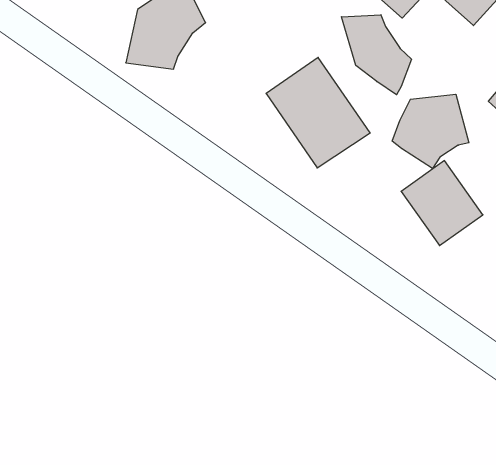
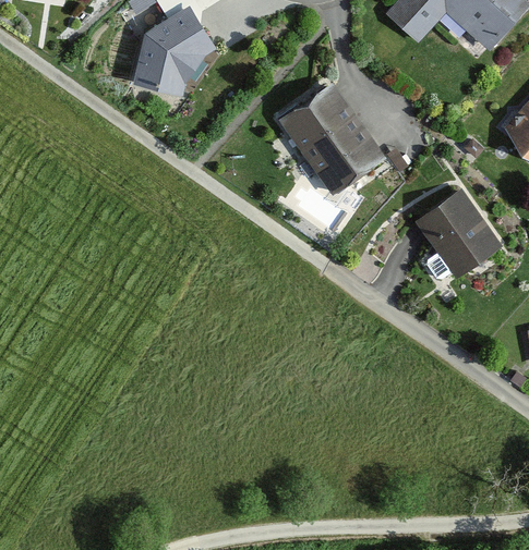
building: [341,15,412,95] -> none
building: [392,94,469,168] -> none

